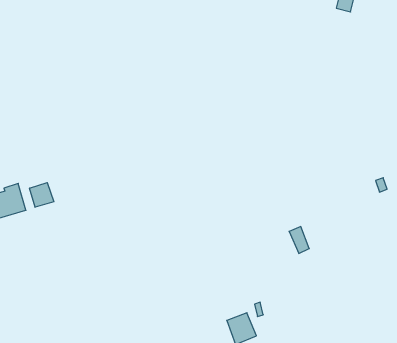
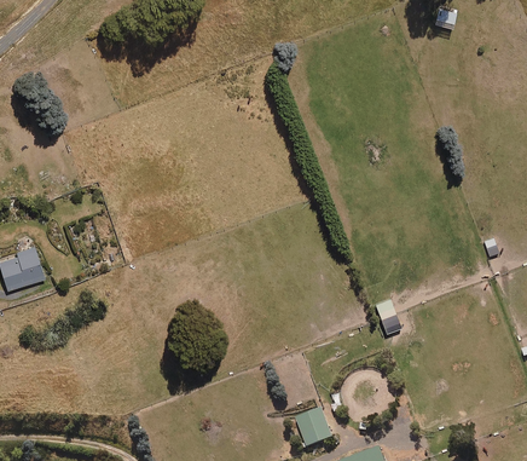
building: [30,183,54,207] -> none

